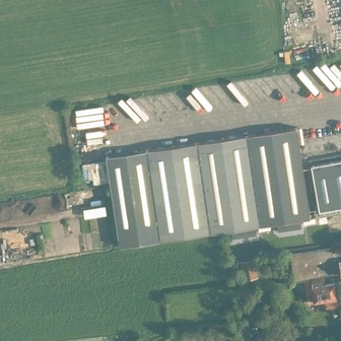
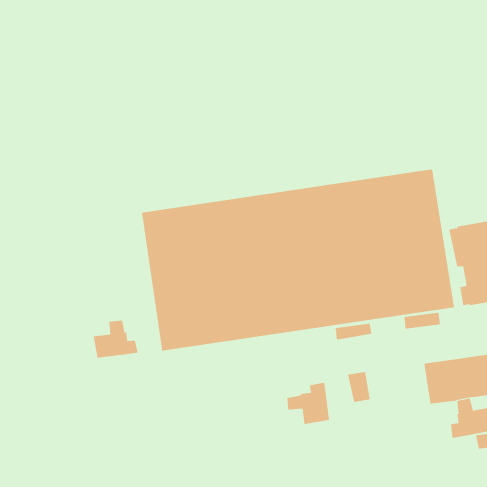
building: none -> [93,320,138,359]
building: none -> [287,382,330,425]

